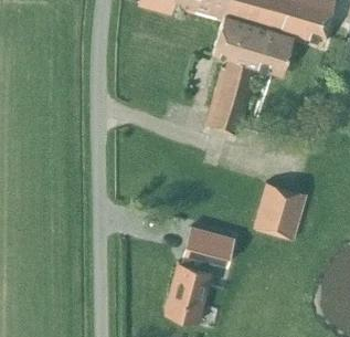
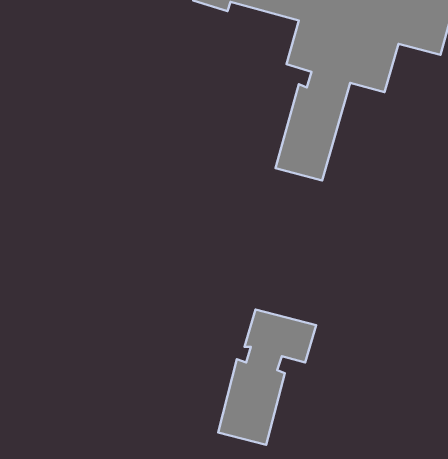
building: [254,182,307,240] -> none

